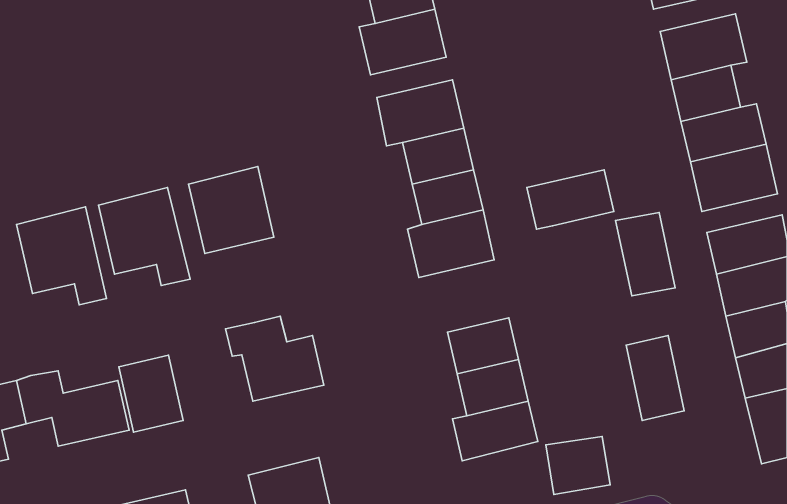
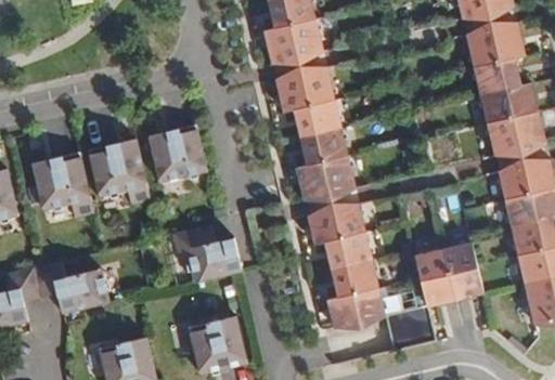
building: [527,170,614,229] -> [306,198,364,238]
building: [616,212,675,296] -> [414,245,454,301]
building: [119,355,183,432] -> none

